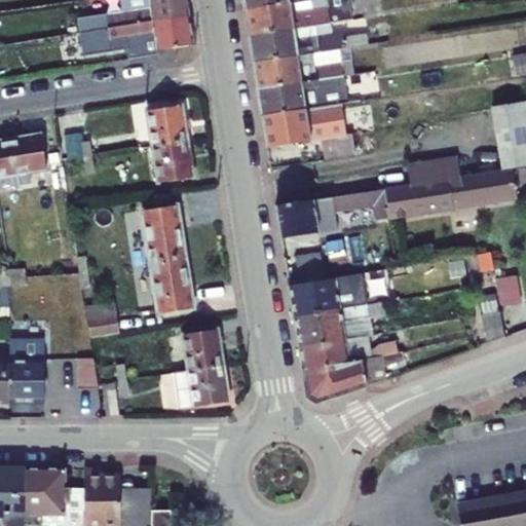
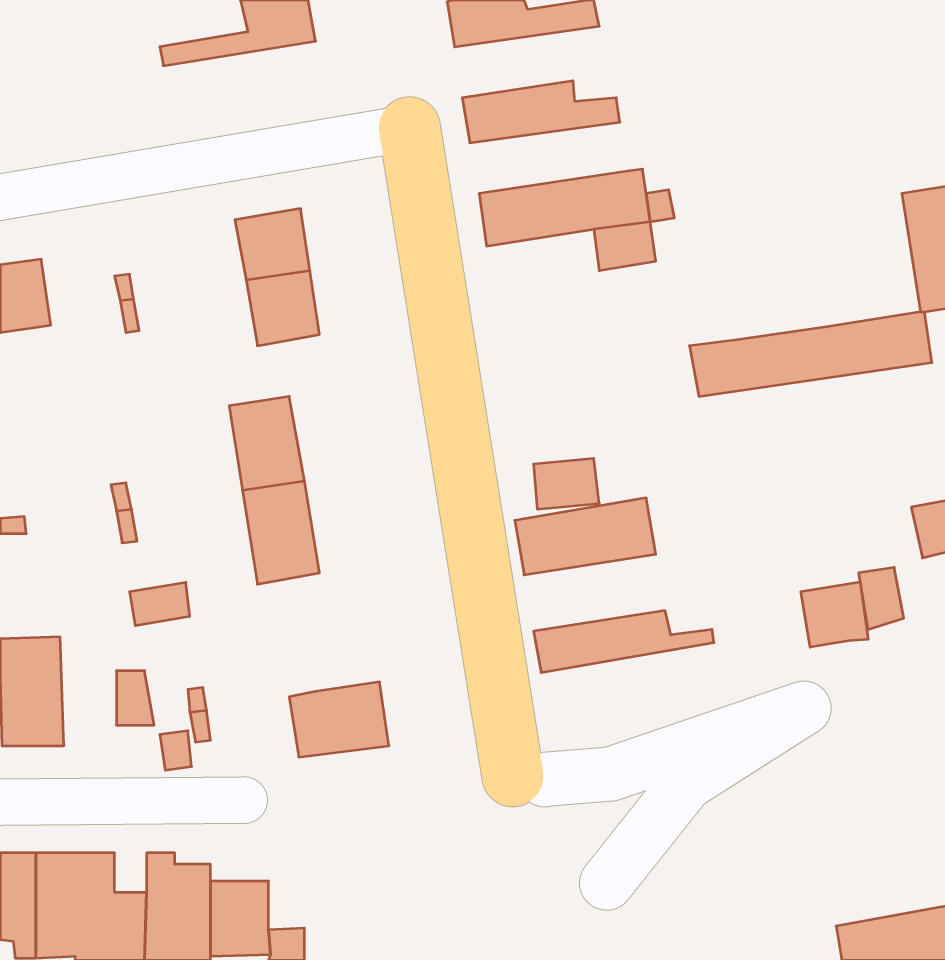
building: [257,14,344,53] -> none
building: [98,23,183,57] -> none
building: [265,70,352,106] -> none
building: [407,158,460,186] -> none
building: [276,189,390,235] -> none
building: [295,300,384,345] -> none
building: none -> [801,582,868,647]
building: [176,338,216,378] -> none
building: [304,351,400,401] -> none

